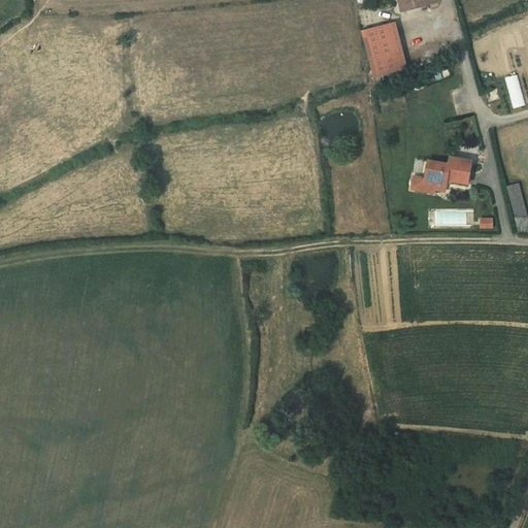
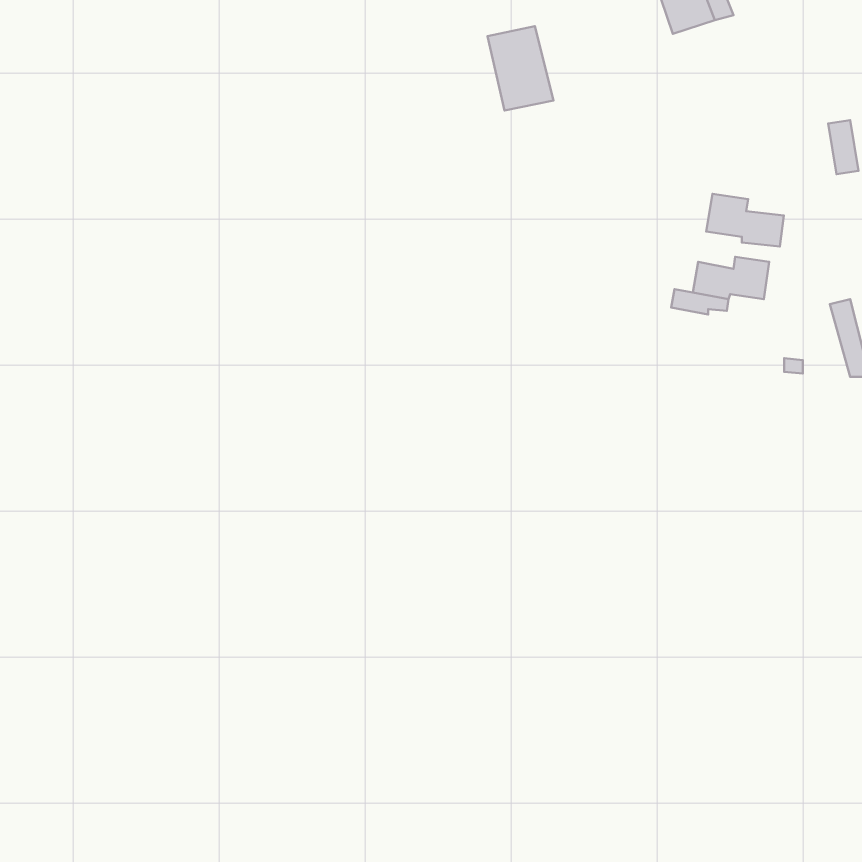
building: [364,23,404,74] -> [488,26,553,111]
building: none -> [706,194,784,247]

